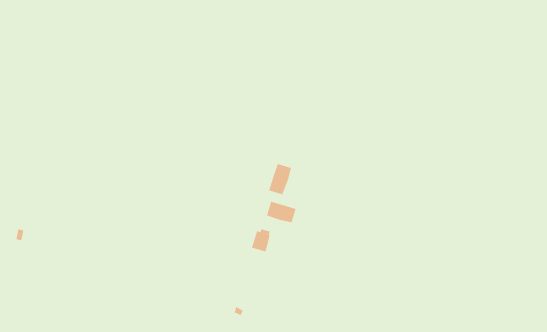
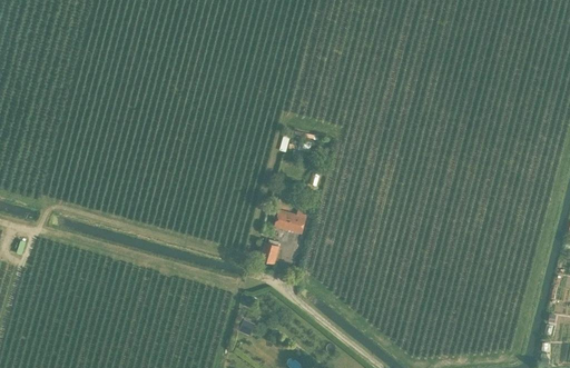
building: [268,163,291,195] -> none

